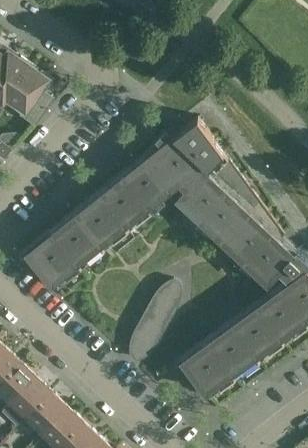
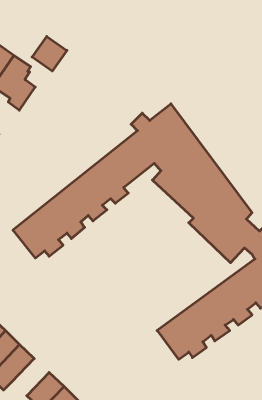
building: none -> [32,36,67,71]
building: [130,280,179,360] -> none
building: [26,391,66,431] -> none

